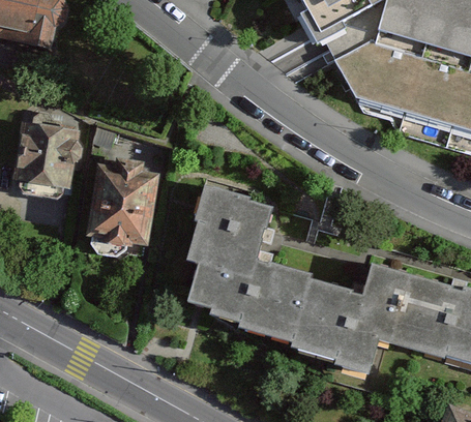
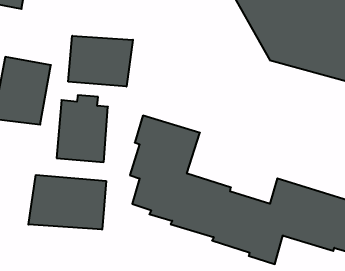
building: none -> [68,36,133,87]
building: none -> [28,175,106,230]

